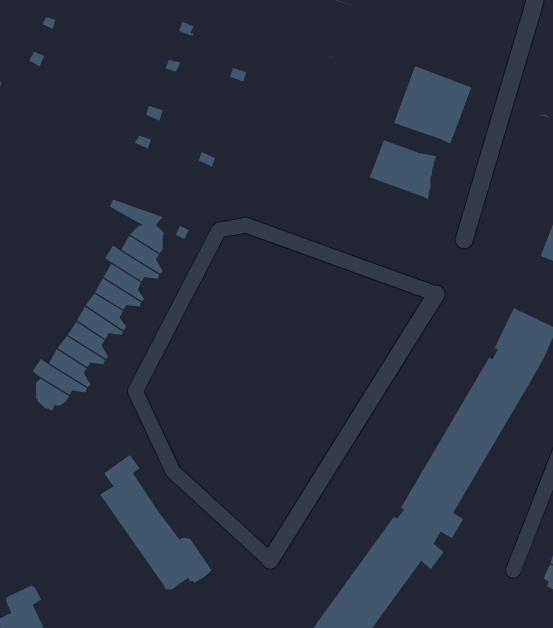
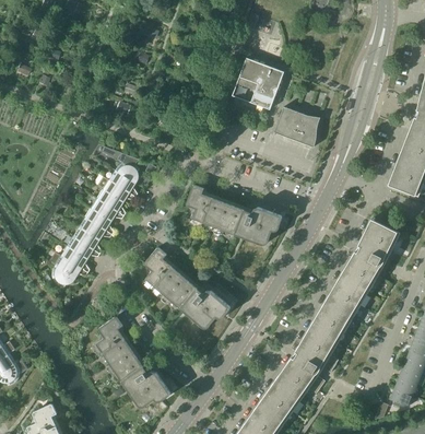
building: [393,66,472,145] -> [232,57,284,109]
building: none -> [186,184,282,244]
building: none -> [144,247,231,327]

